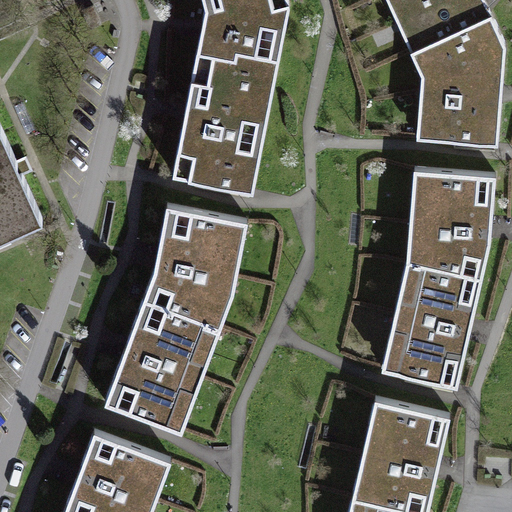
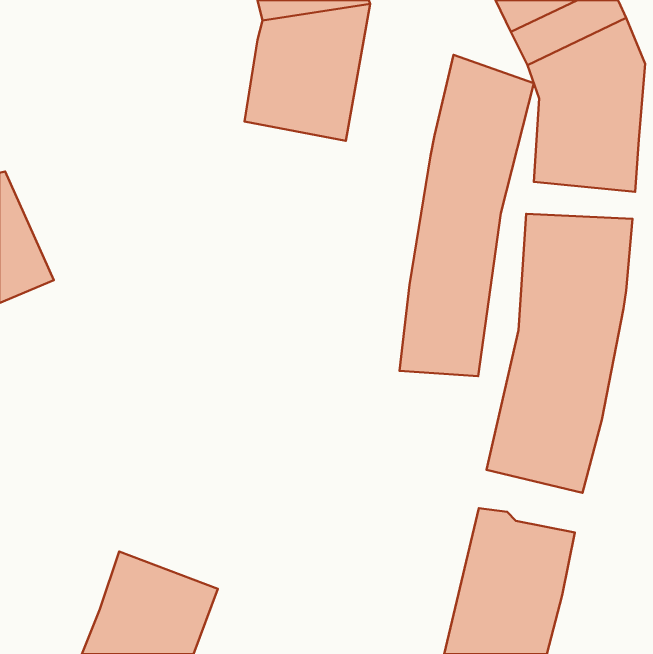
building: none -> [399,55,534,376]
building: [171,95,270,197] -> none
building: [104,204,247,433] -> none

